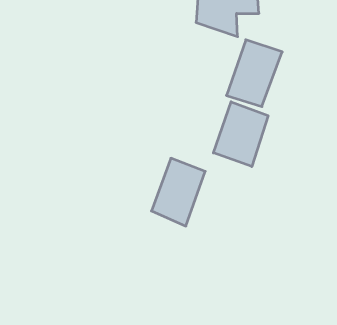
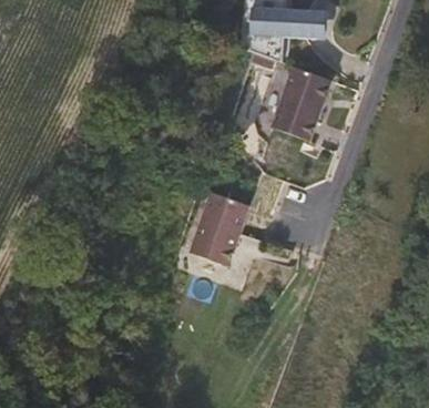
building: [213,102,268,167] -> none

